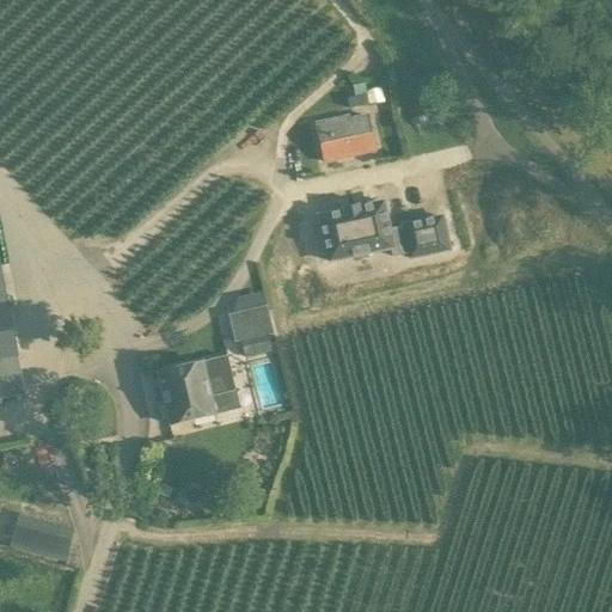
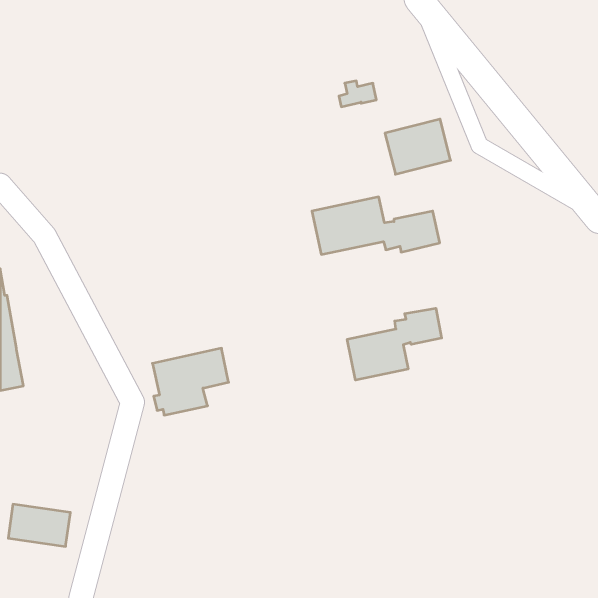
building: [310,108,377,164] -> [385,119,451,174]
building: [228,305,273,354] -> none
building: none -> [347,308,442,380]

